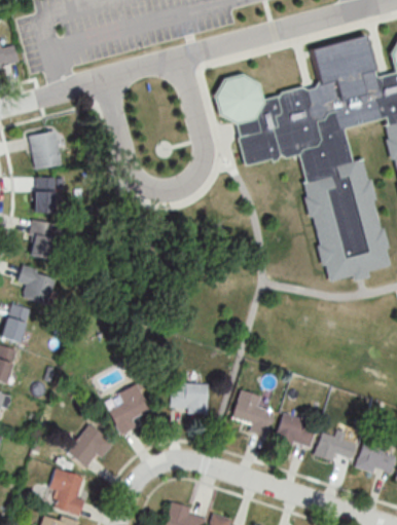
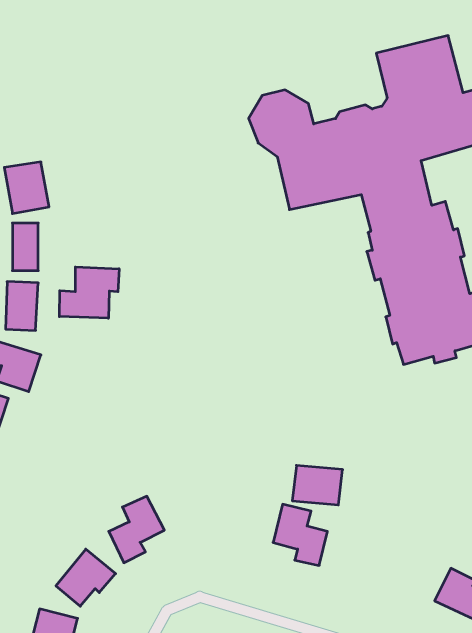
building: none -> [59,267,119,318]
building: [170,381,208,411] -> none
building: [277,416,315,446] -> [292,465,343,505]
building: [315,429,356,460] -> none

